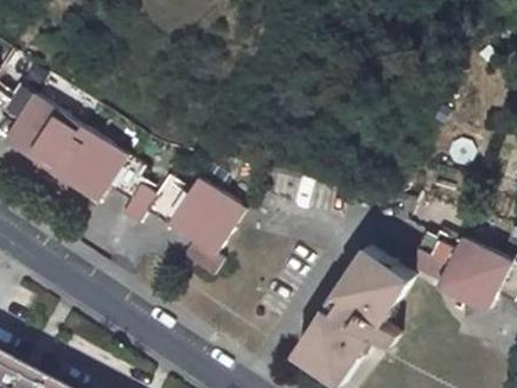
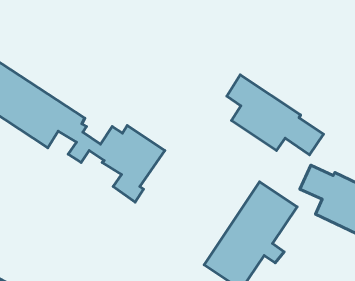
building: none -> [227,75,323,155]

